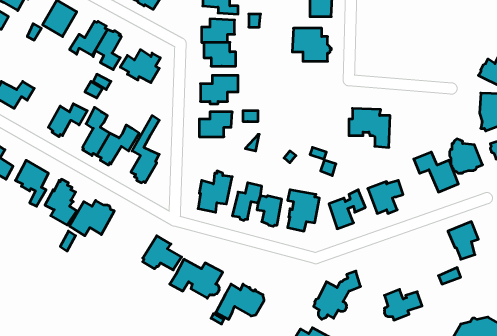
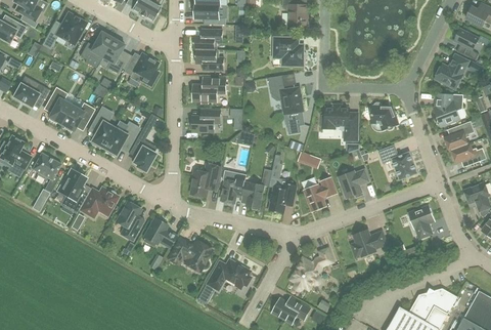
building: none -> [268,75,305,134]
building: none -> [48,86,72,123]
building: [450,139,483,173] -> [370,101,399,131]
building: none -> [117,201,141,240]
building: [384,289,422,320] -> [354,230,387,256]

